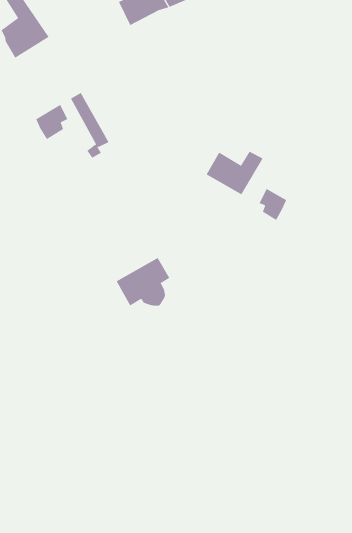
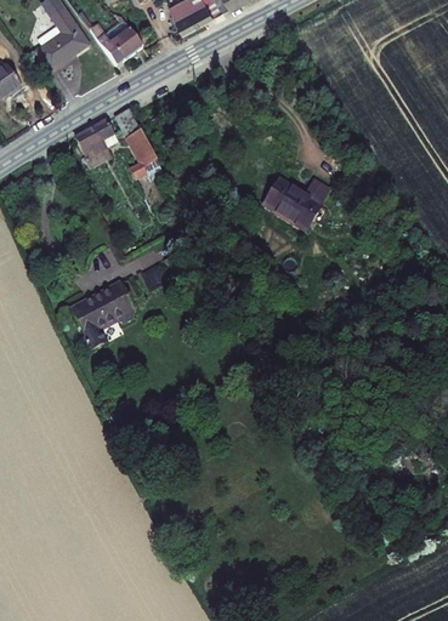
building: none -> [90,21,141,63]
building: [259,188,287,221] -> none
building: [116,257,170,306] -> [79,283,140,337]

